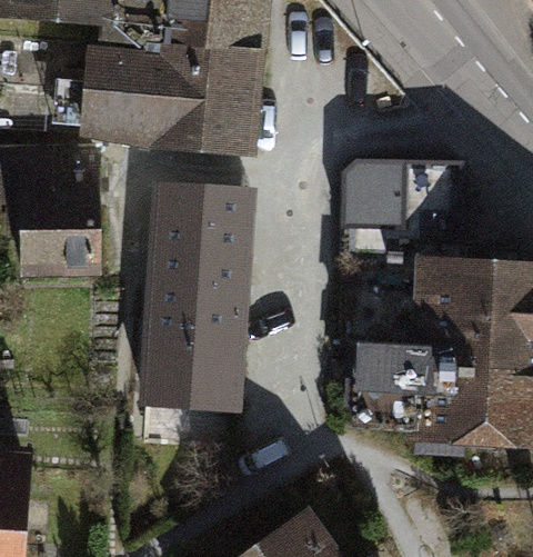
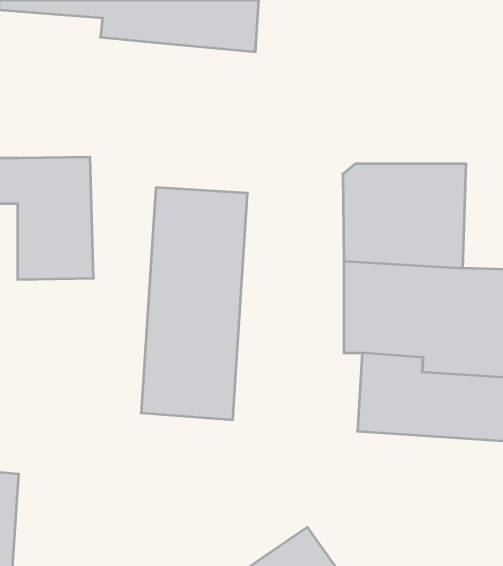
building: [62,41,263,151] -> none

